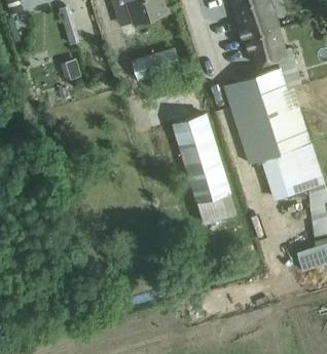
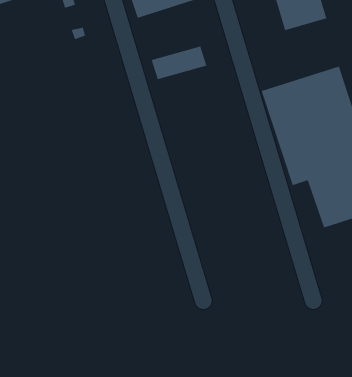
building: [243,27,286,66] -> none
building: [174,114,235,224] -> none

